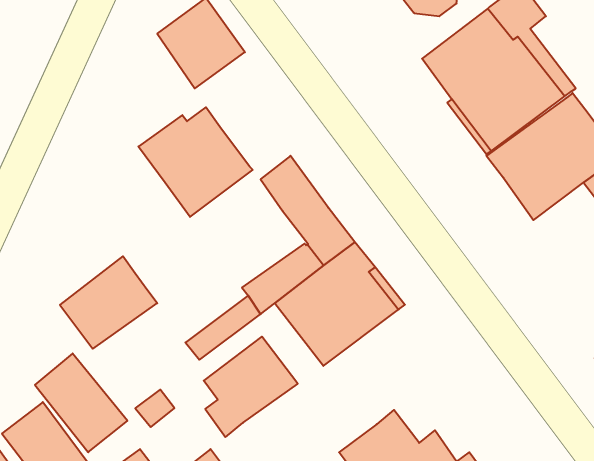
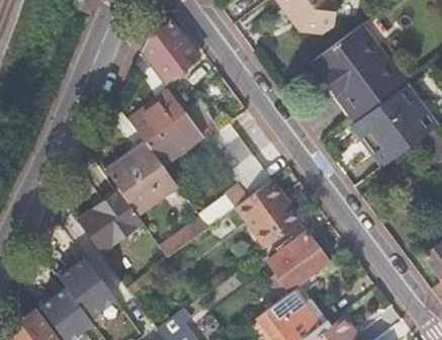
building: none -> [106,142,177,211]
building: [204,337,298,437] -> [269,233,330,298]

